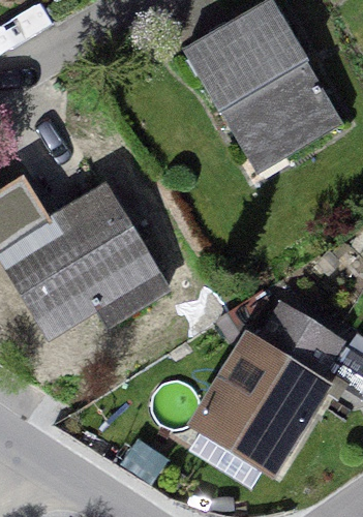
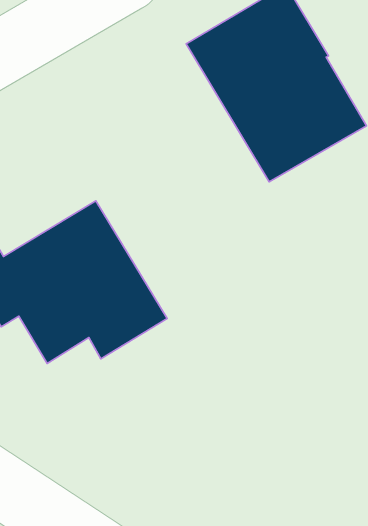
building: [204,308,335,460] -> none

